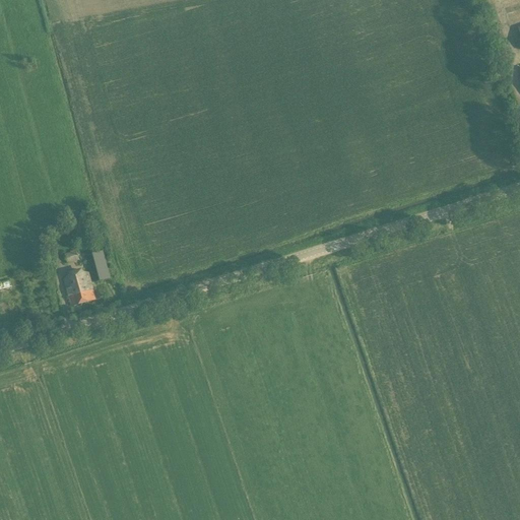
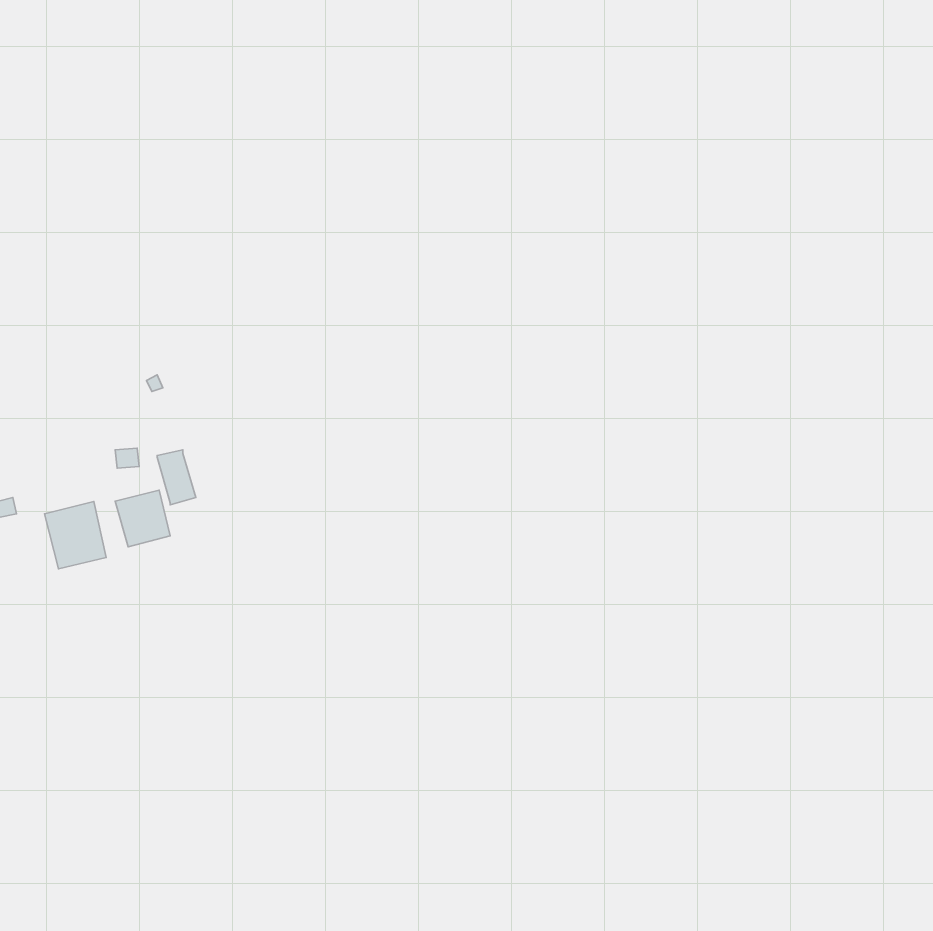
building: none -> [44,502,106,569]

